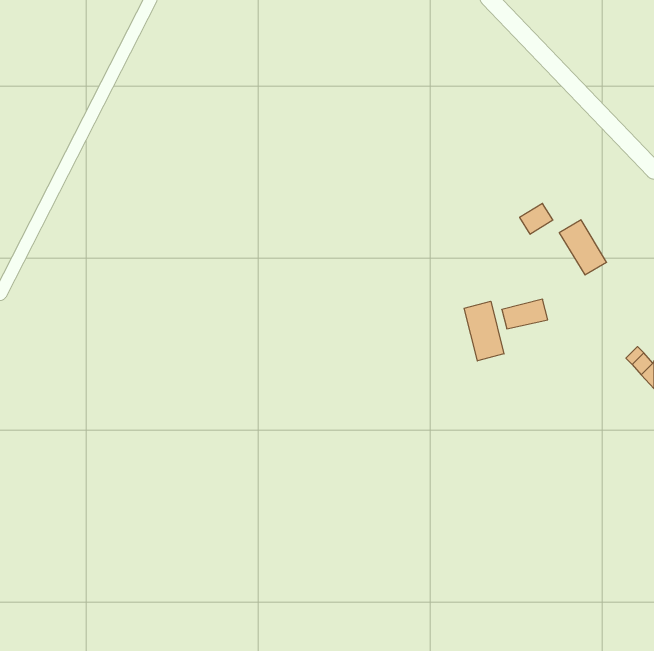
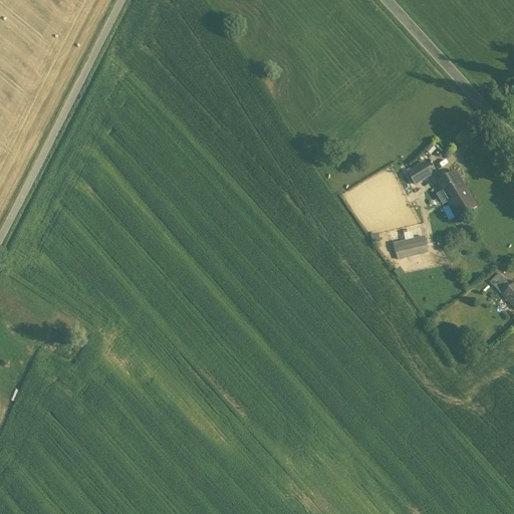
building: [464,301,504,361] -> none

